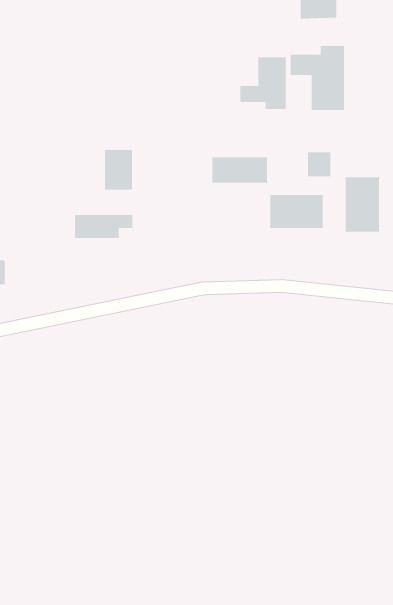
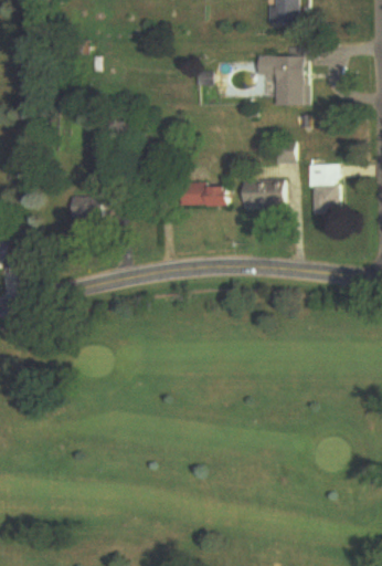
building: [240,57,286,110] -> none
building: [104,149,133,191] -> none
building: [212,157,268,183] -> [177,182,226,206]

